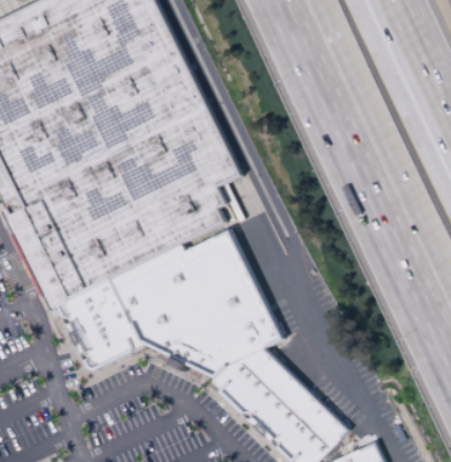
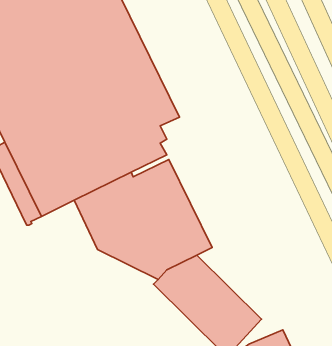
building: [56,278,142,369] -> none

